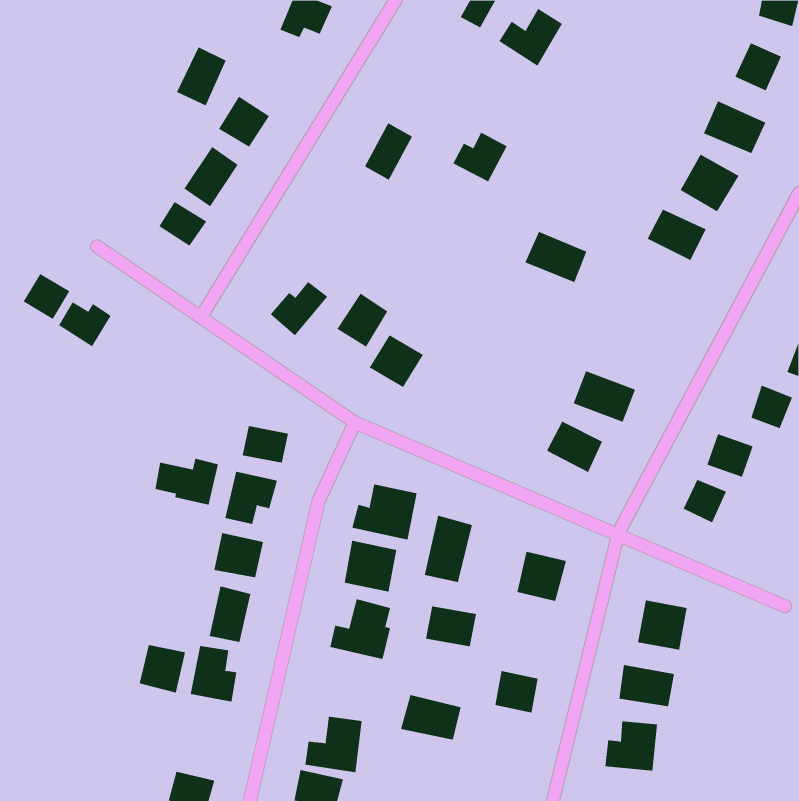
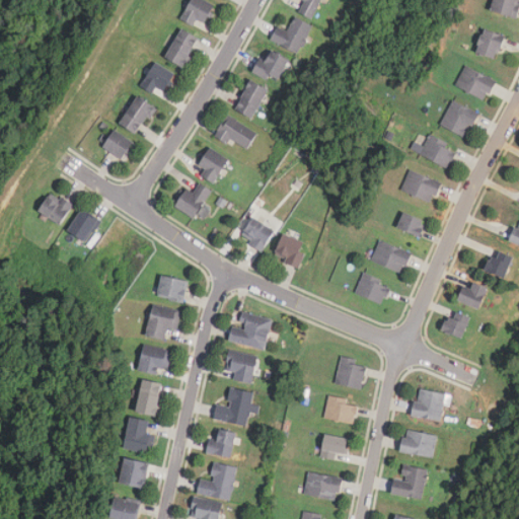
building: [498,8,563,66] -> [269,17,310,55]
building: [176,46,227,106] -> [165,28,198,67]
building: [452,132,507,182] -> [252,51,288,83]
building: none -> [213,116,255,149]
building: [524,231,587,283] -> [399,170,440,204]
building: [23,273,70,320] -> none
building: [337,293,388,348] -> [194,148,227,183]
building: none -> [67,209,99,242]
building: none -> [396,212,425,237]
building: none -> [273,233,306,268]
building: [155,458,219,506] -> none
building: [424,515,473,583] -> none
building: [425,606,477,647] -> [323,397,357,424]
building: [139,644,186,693] -> [118,458,148,490]
building: none -> [205,429,235,458]
building: [400,695,461,740] -> [302,471,342,501]

